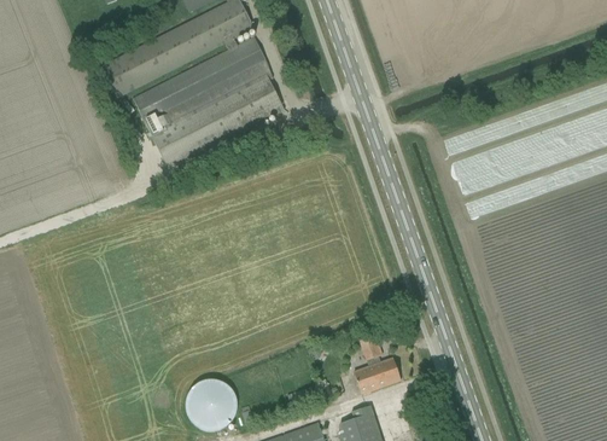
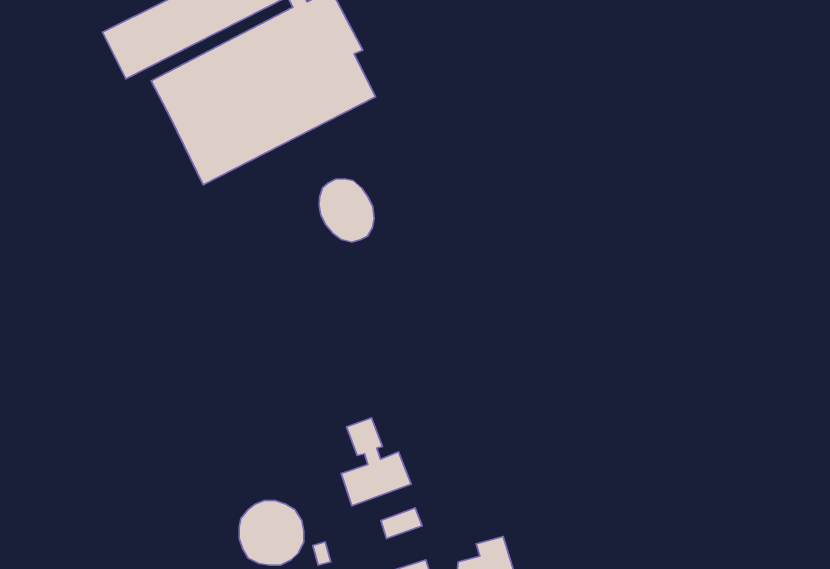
building: none -> [319,179,374,242]
building: [354,333,401,393] -> [341,418,411,506]

